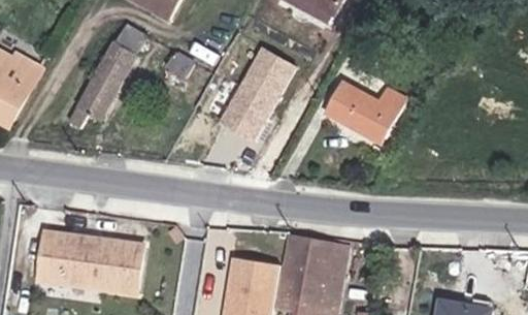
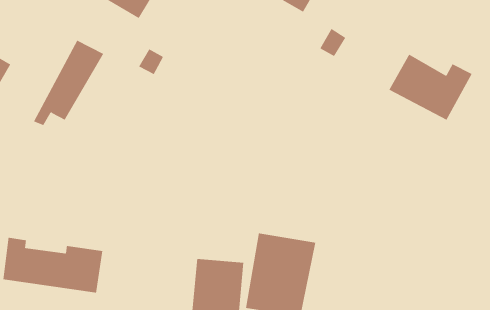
building: [218,44,300,143] -> none
building: [324,81,405,146] -> [389,54,472,121]

